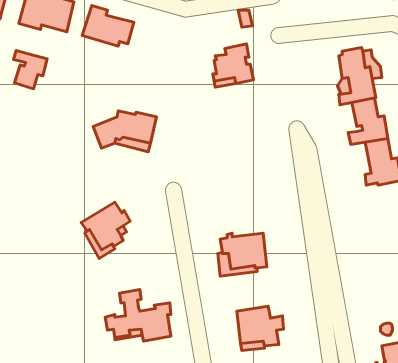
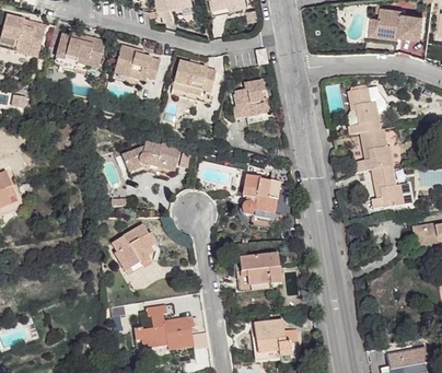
building: none -> [172,61,217,95]
building: [13,50,47,89] -> none
building: none -> [242,174,277,215]

